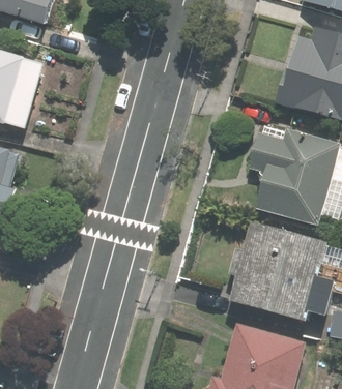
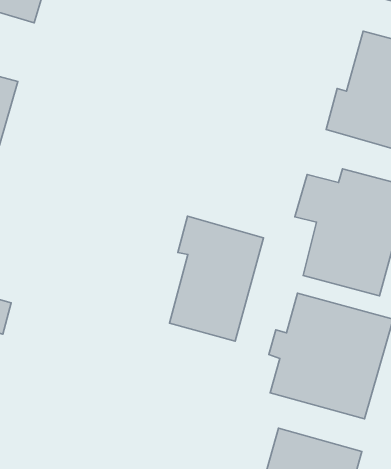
building: none -> [169,216,264,341]

